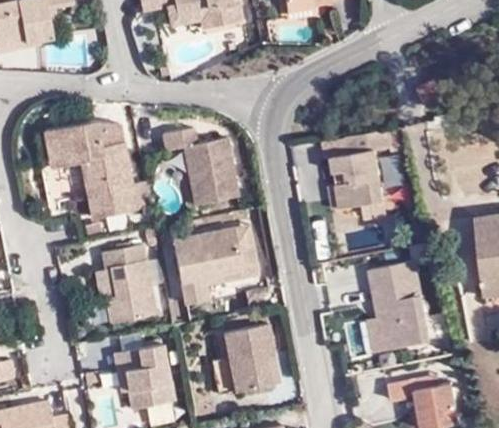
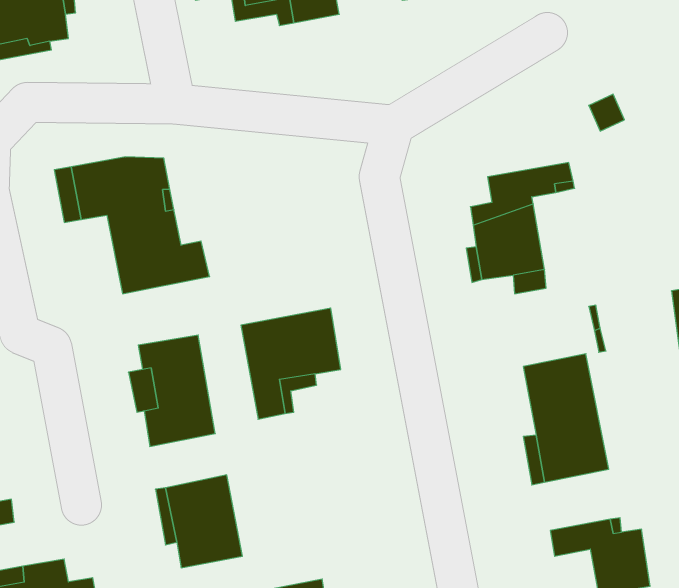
building: [164,128,238,205] -> none
building: [214,325,274,394] -> none

